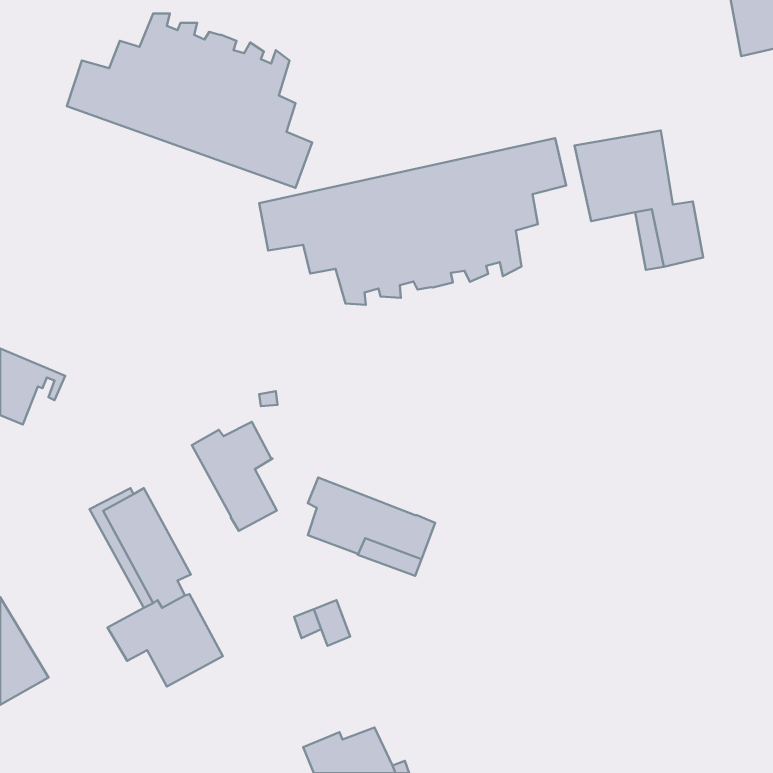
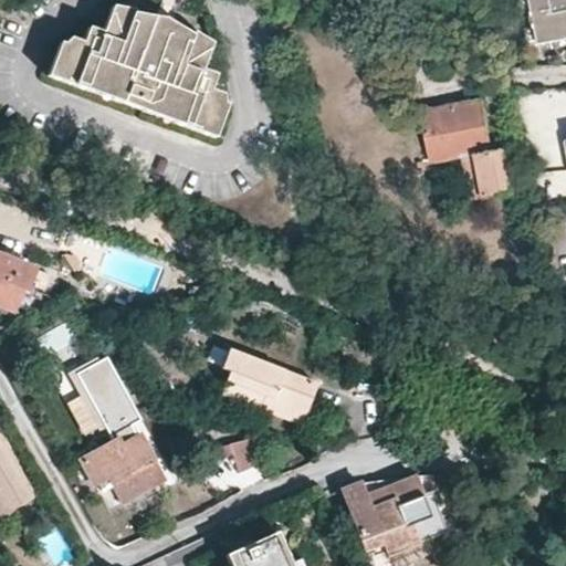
building: [259,138,566,305] -> none
building: [192,422,277,531] -> none
building: none -> [345,470,442,556]

